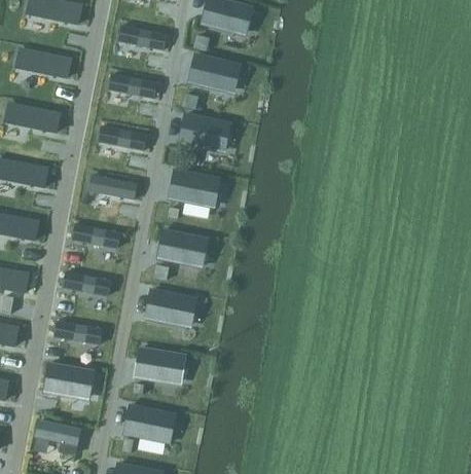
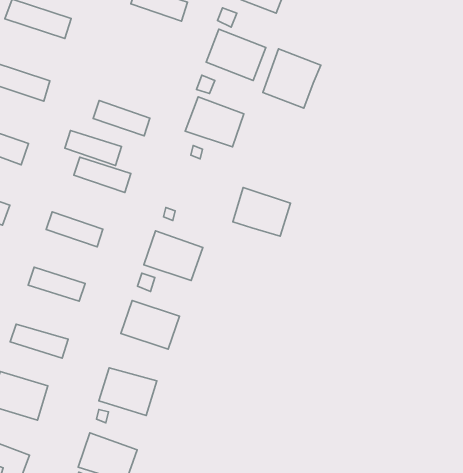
building: none -> [263,49,321,108]
building: [110,74,157,99] -> [65,130,122,166]
building: [169,169,215,206] -> [233,187,290,236]

